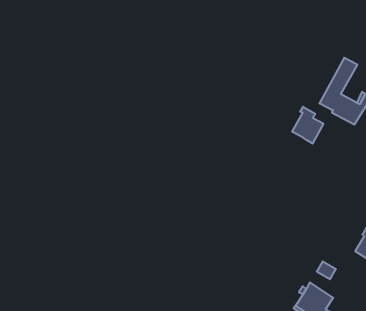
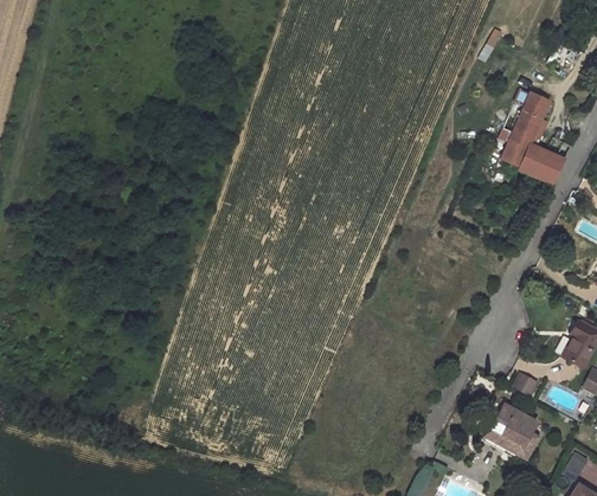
building: [292,107,323,144] -> none

